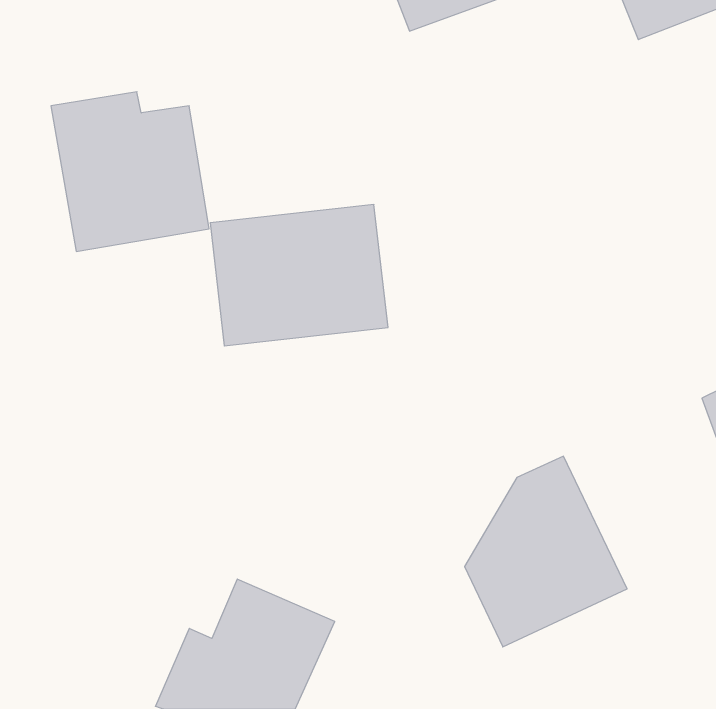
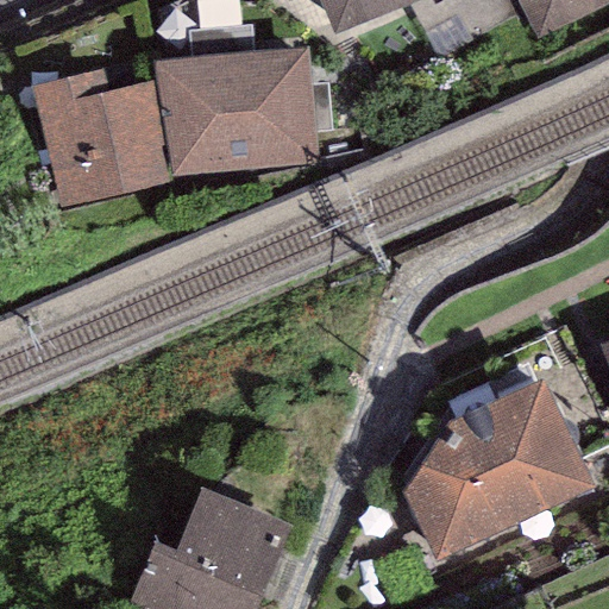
building: [210,205,388,346] -> [178,57,328,176]
building: none -> [479,362,579,496]

